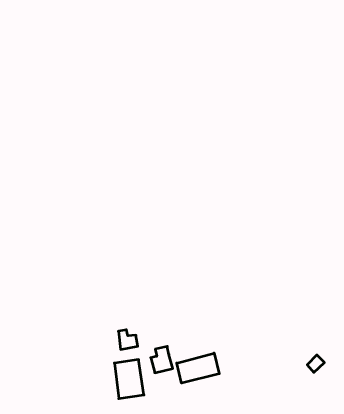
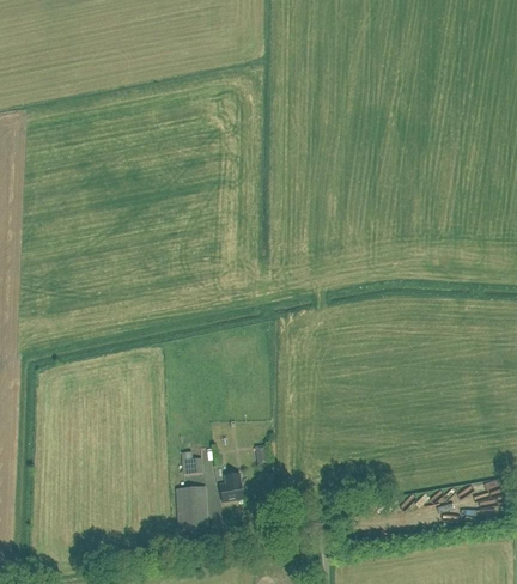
building: [177,353,219,383] -> none

